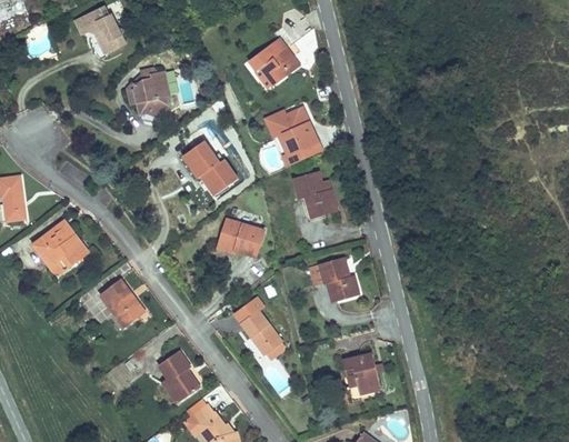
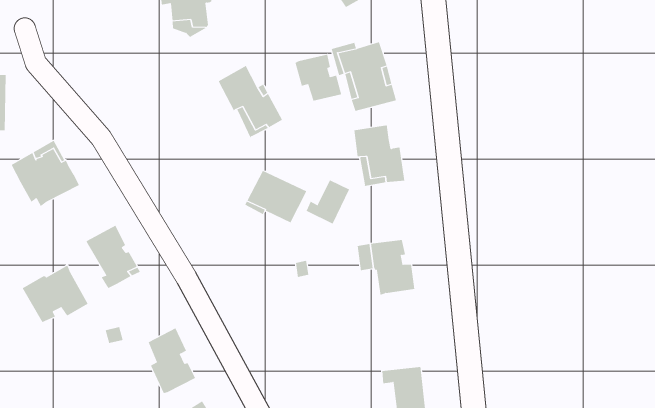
building: none -> [295,54,342,102]
building: none -> [306,180,350,224]
building: [239,309,281,354] -> none
building: none -> [22,264,89,323]

